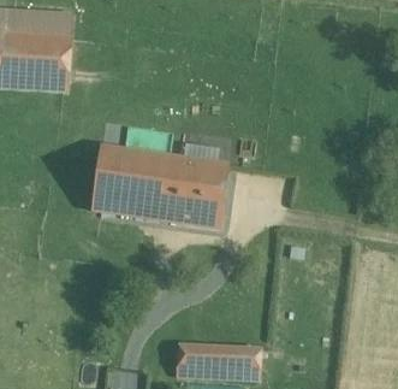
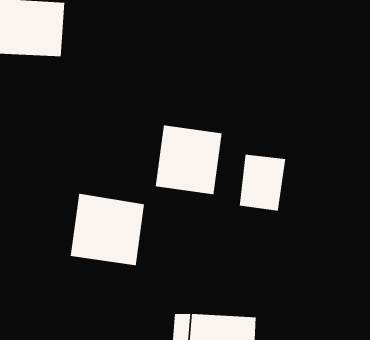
building: [93,146,167,218] -> [70,193,145,266]
building: none -> [239,154,286,212]

